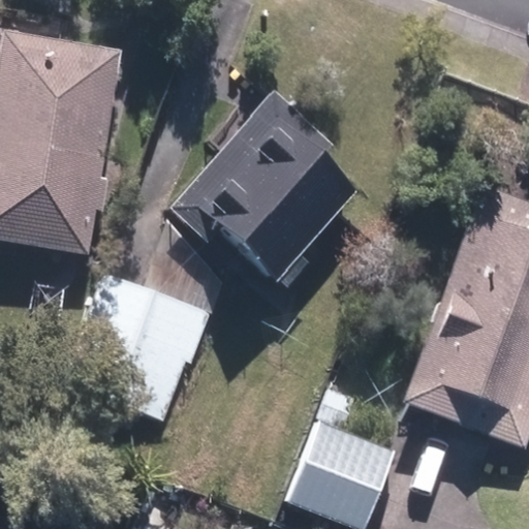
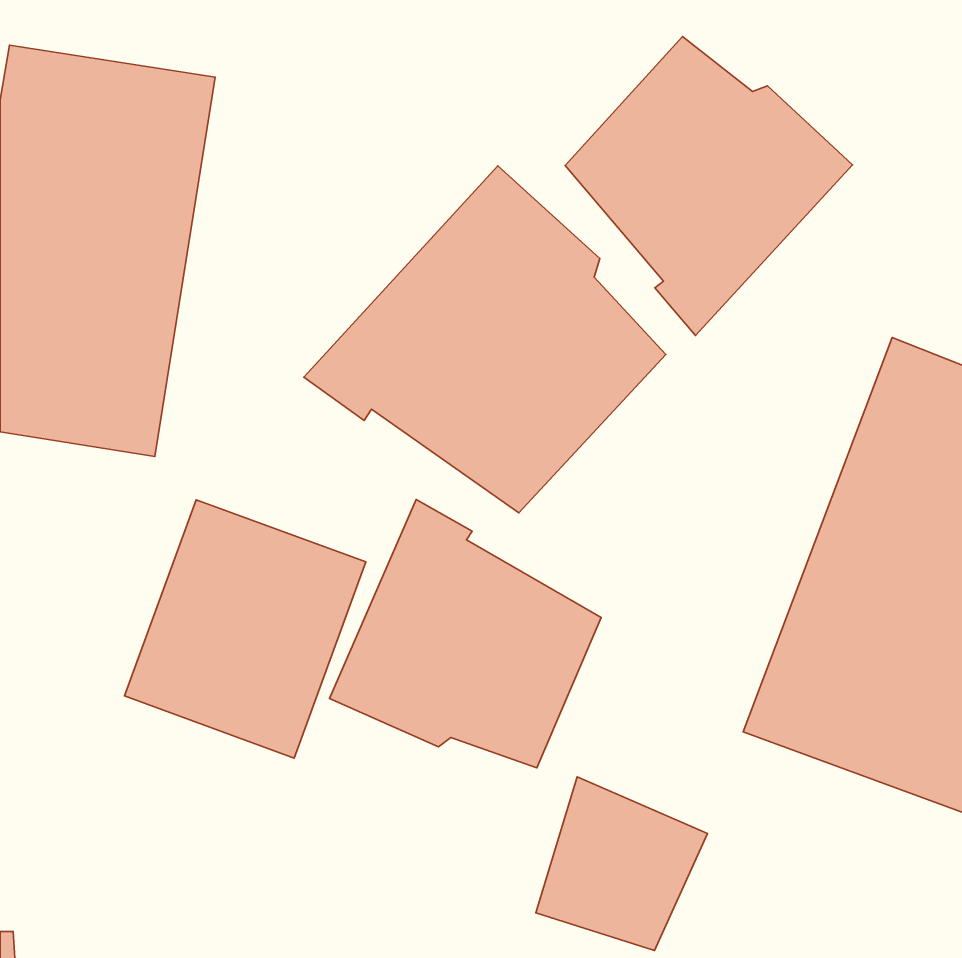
building: none -> [565,36,852,335]
building: none -> [330,500,601,768]

